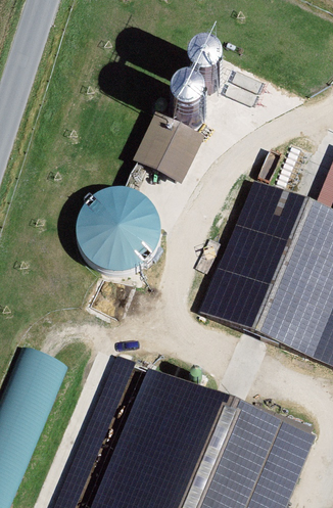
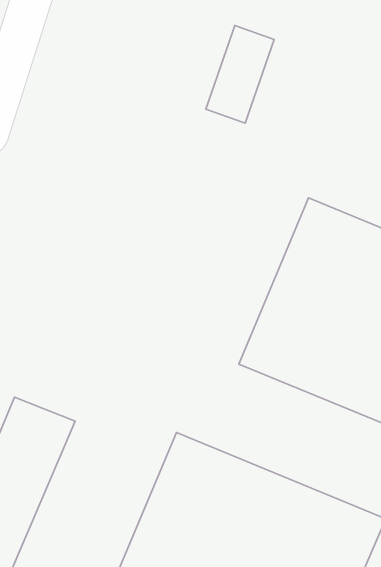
building: [136,116,204,184] -> none
building: [78,188,161,272] -> none

